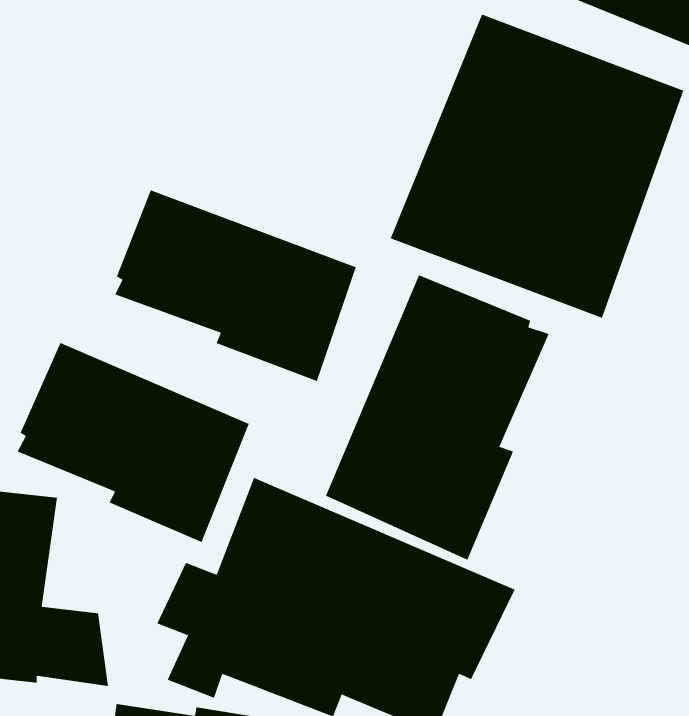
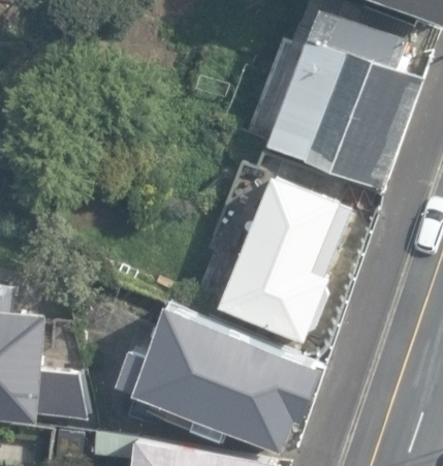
building: [115,189,356,382] -> none
building: [17,342,249,543] -> none

